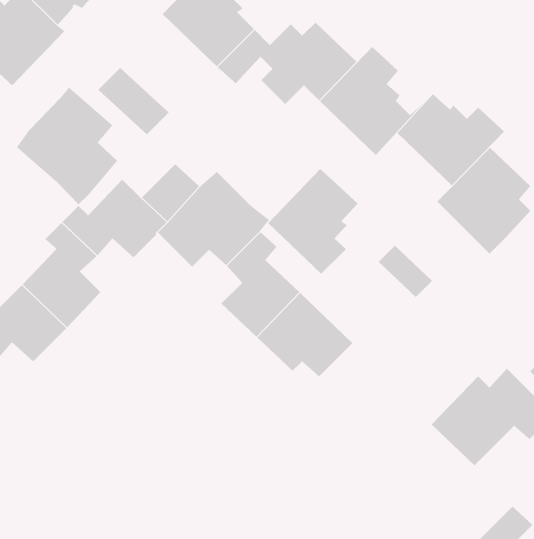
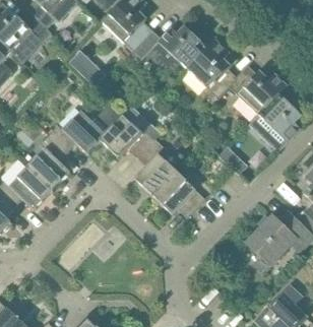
building: [16,86,118,205] -> none
building: [267,168,359,275] -> none

